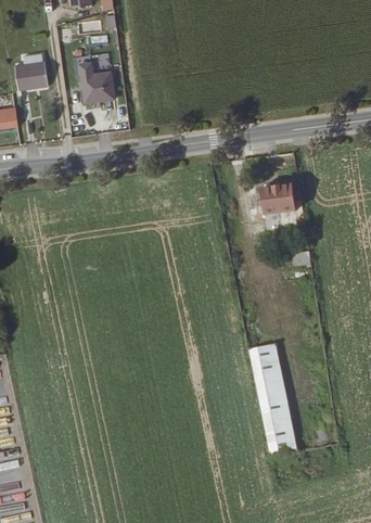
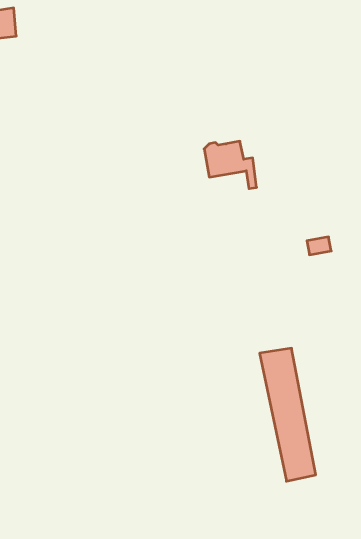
building: [77,59,113,98] -> none
building: [260,186,305,226] -> [204,141,257,189]

